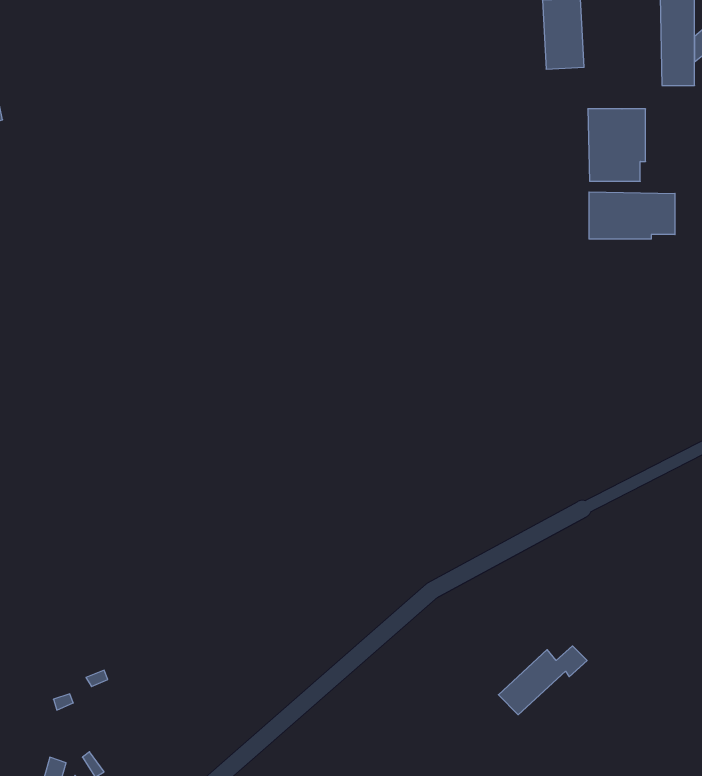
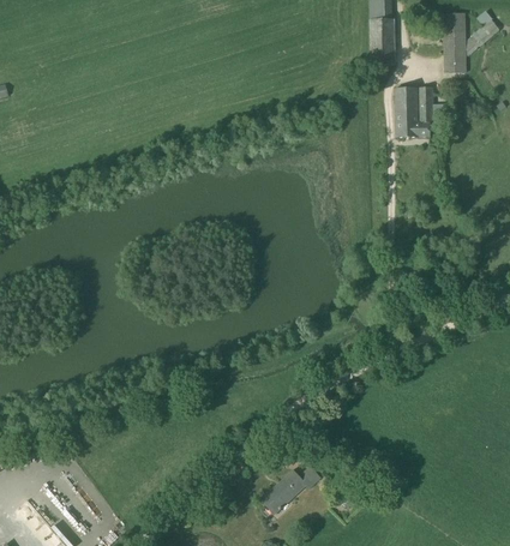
building: [589,192,675,239] -> none
building: [498,646,587,715] -> [260,467,319,512]

